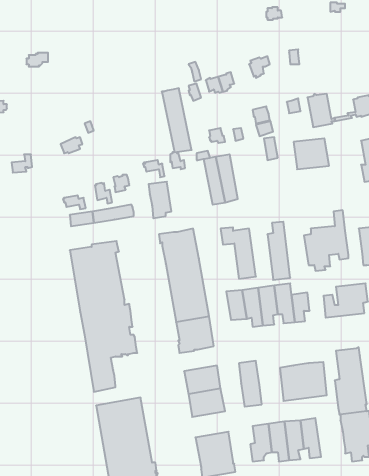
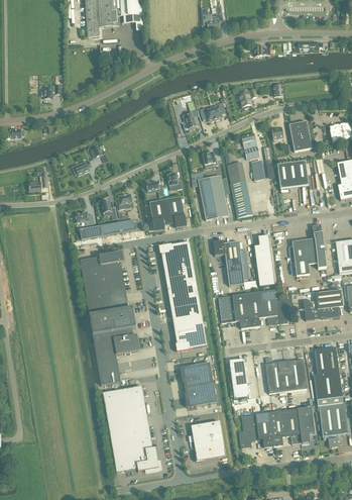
building: [162,88,192,152] -> [227,162,253,218]
building: none -> [165,196,187,227]
building: none -> [297,406,314,442]

